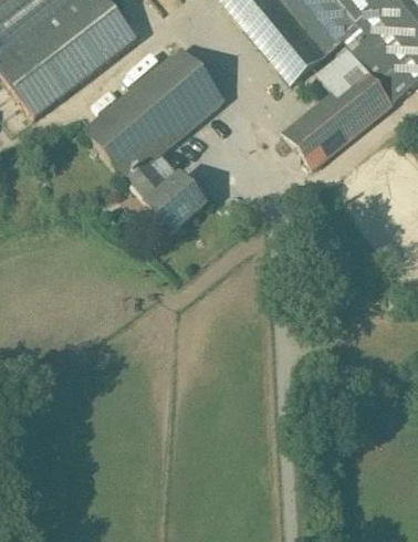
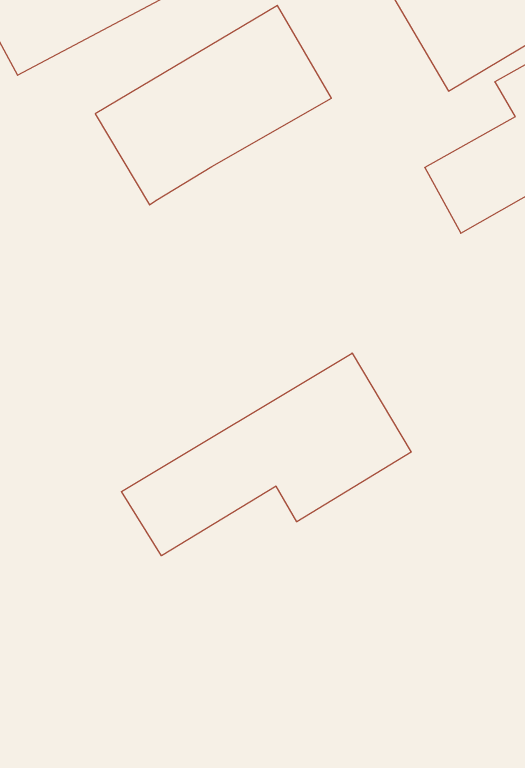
building: [129,150,206,233] -> none
building: none -> [121,353,411,556]

